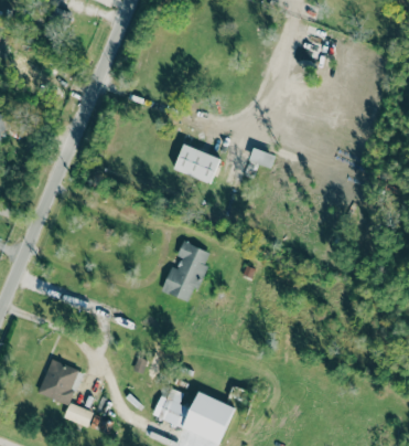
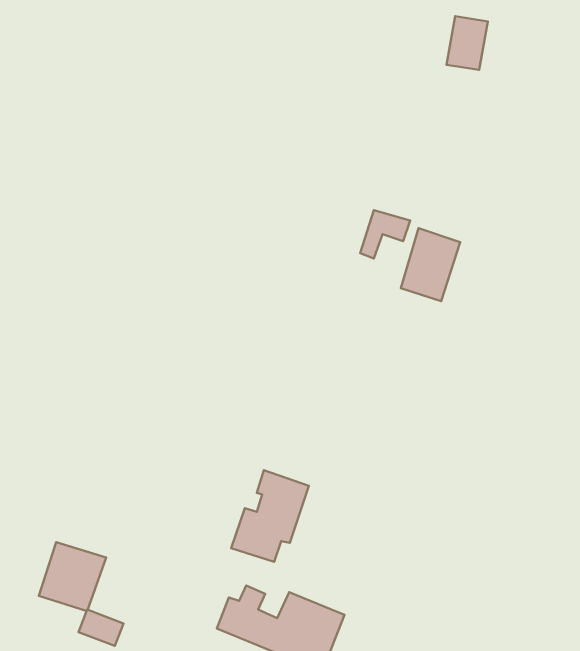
building: [173,144,220,183] -> none
building: none -> [401,228,460,301]
building: [161,242,211,300] -> [231,470,309,562]

